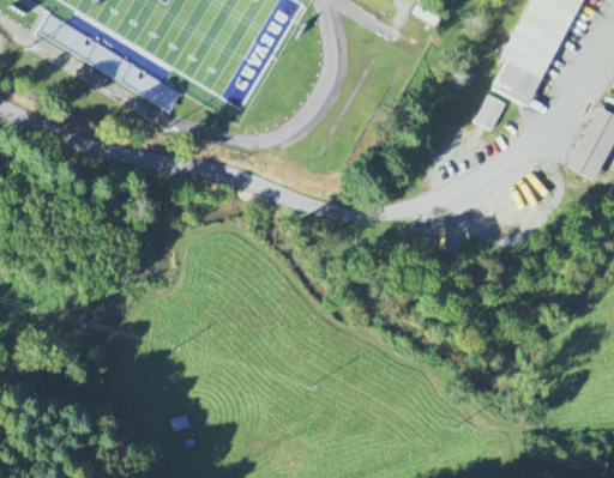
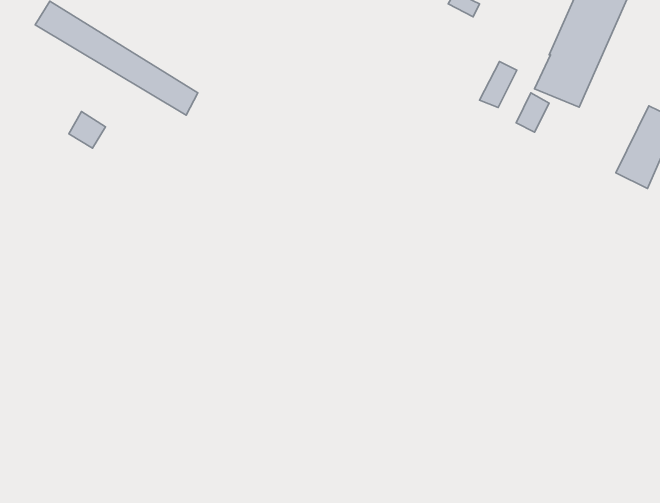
building: none -> [480,62,517,108]
building: none -> [69,111,106,148]

